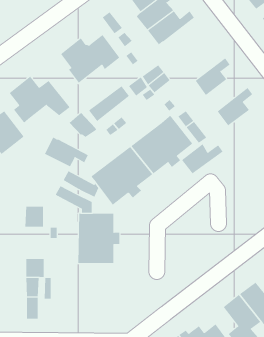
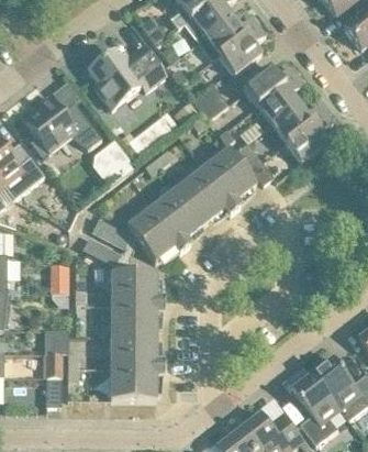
building: none -> [219,24,265,75]
building: none -> [242,65,297,106]
building: [44,137,89,167] -> none
building: [181,144,224,174] -> [271,102,325,141]
building: none -> [110,335,164,399]

